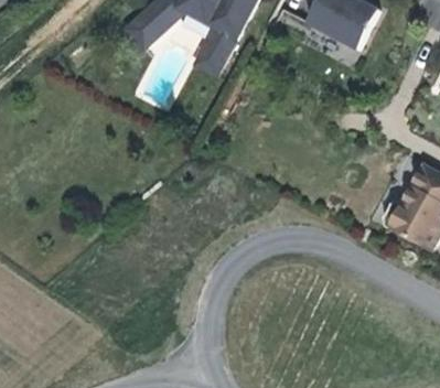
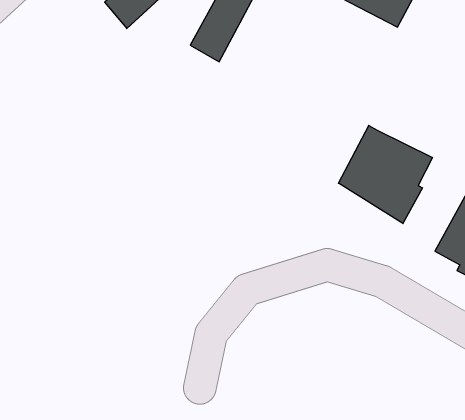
building: none -> [338,125,432,224]

